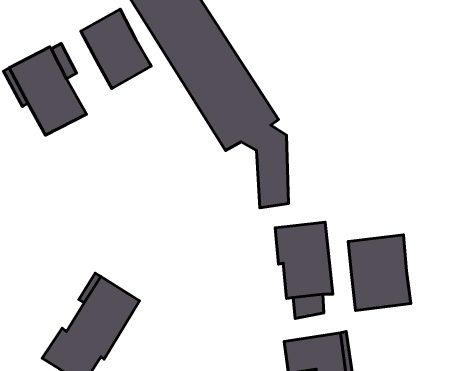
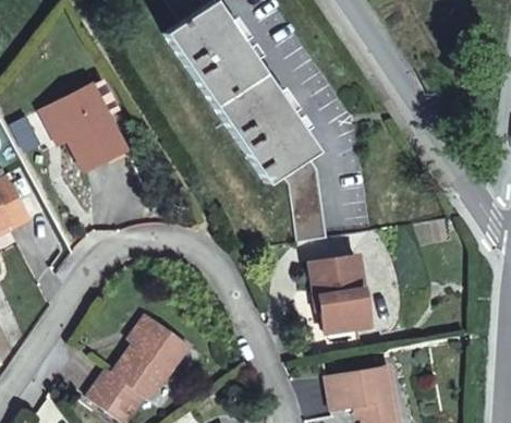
building: [81,9,151,88] -> none
building: [348,235,411,310] -> none

